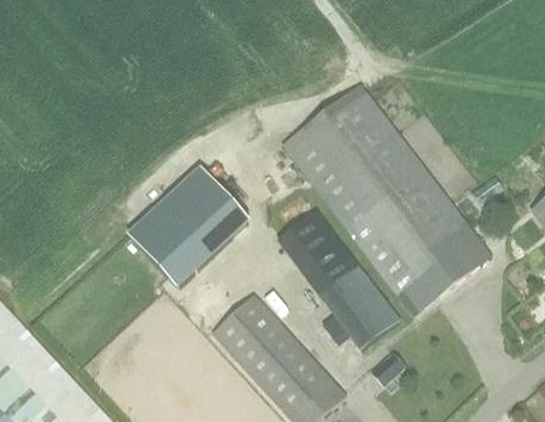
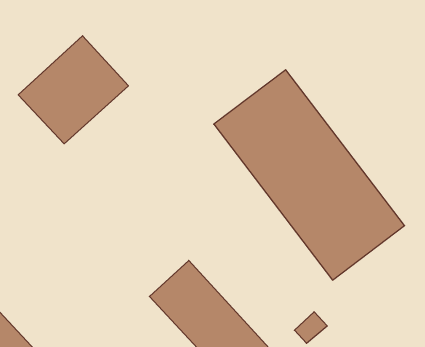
building: [126,166,247,285] -> [18,36,128,144]
building: [275,209,401,351] -> none

